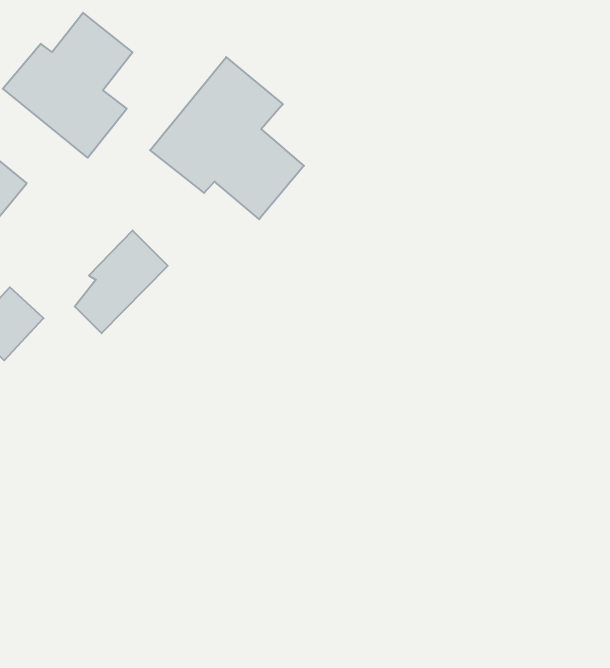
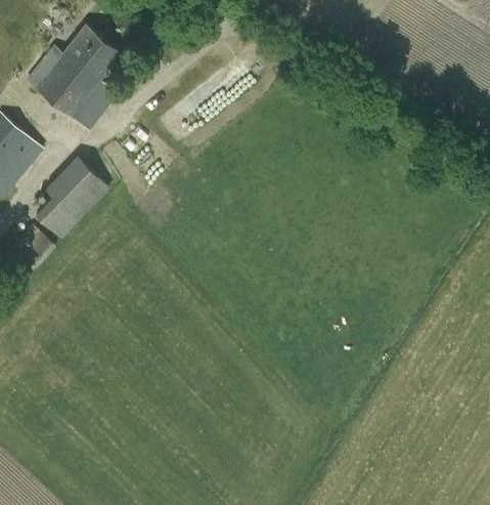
building: [150,57,304,219] -> none
building: [75,230,168,333] -> [36,157,103,232]

